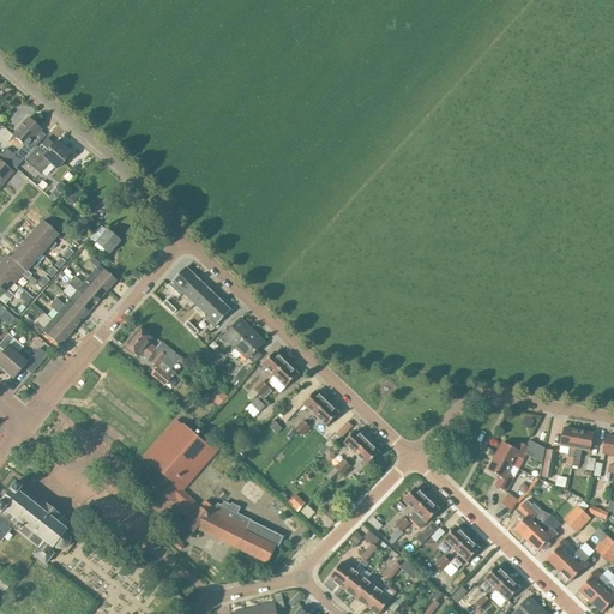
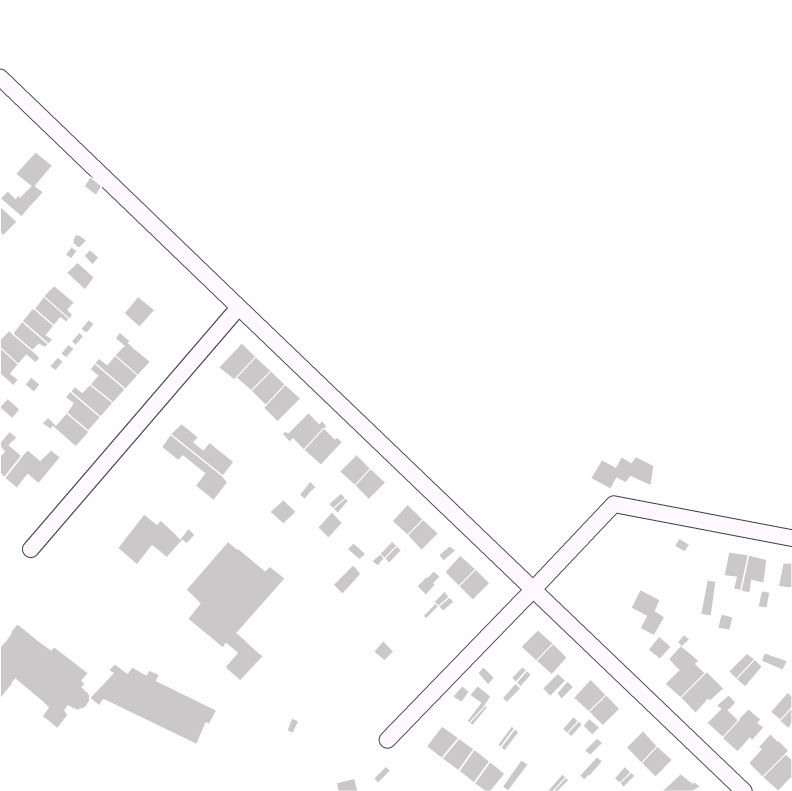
building: [25,140,70,175] -> none
building: none -> [117,514,195,565]
building: [495,439,544,464] -> [591,456,654,489]
building: [186,500,284,562] -> [90,664,217,745]

